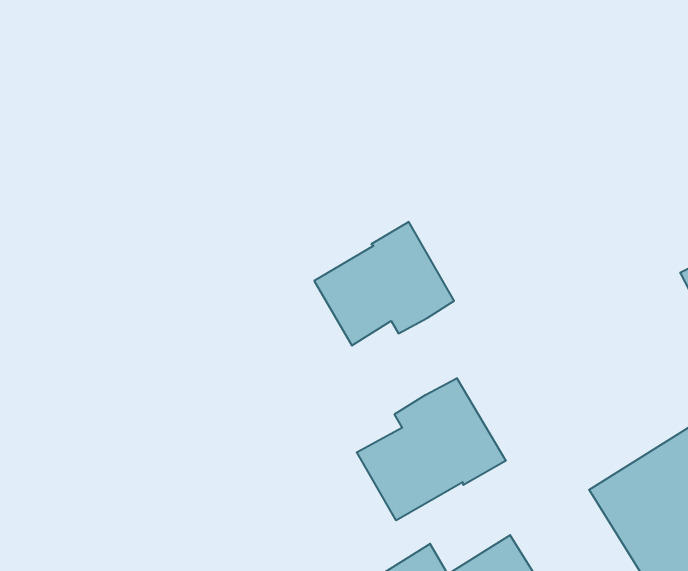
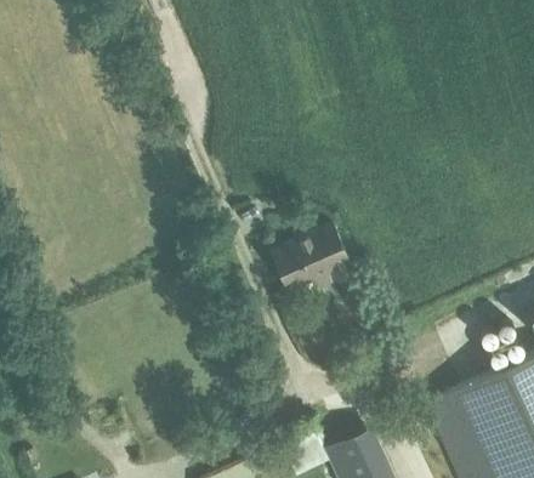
building: [357,378,506,520] -> none

